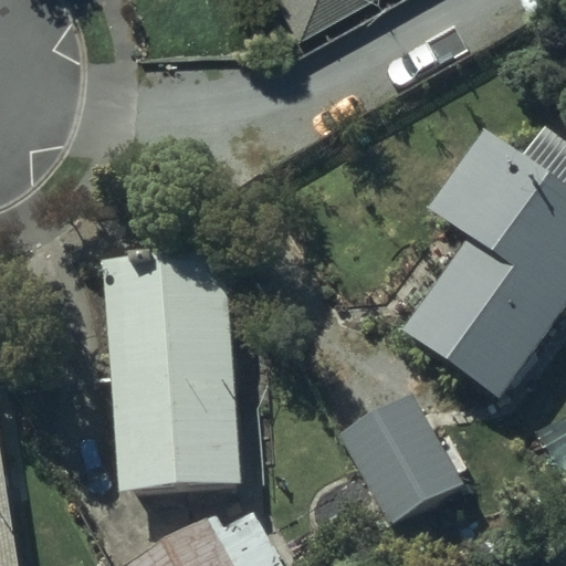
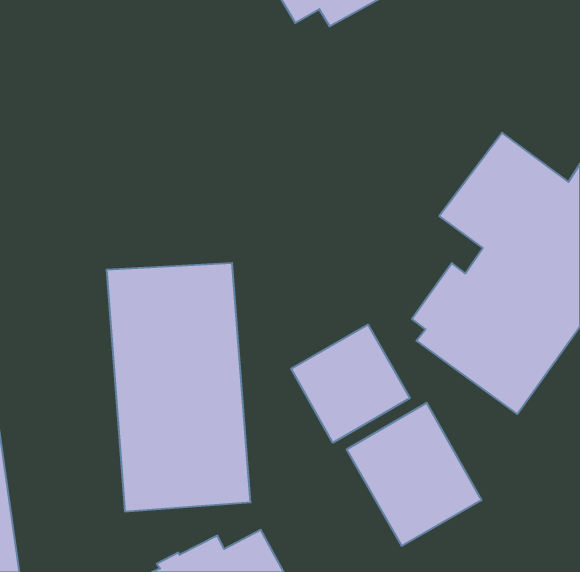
building: none -> [291,325,410,443]

